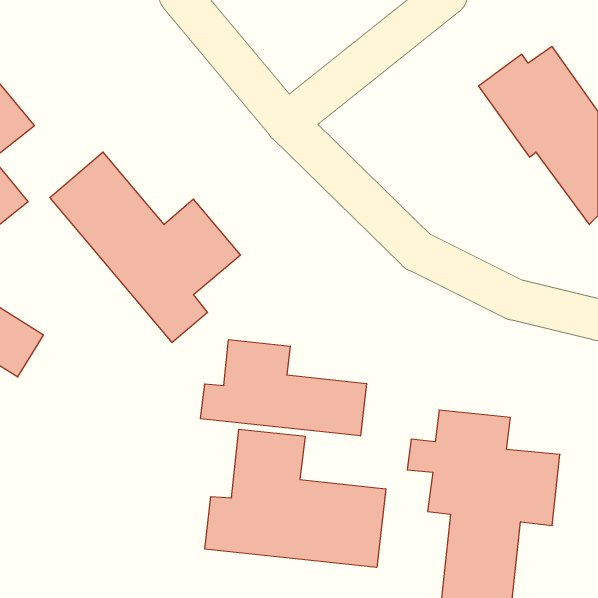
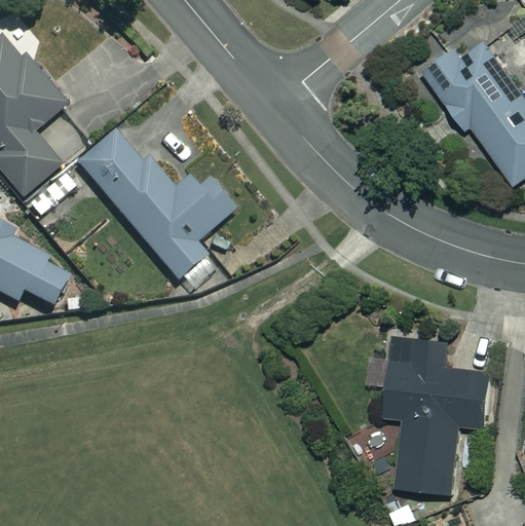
building: [201,340,367,436] -> none
building: [205,429,386,567] -> none

